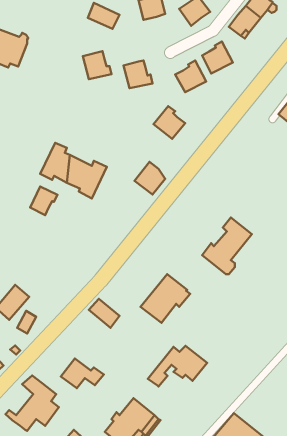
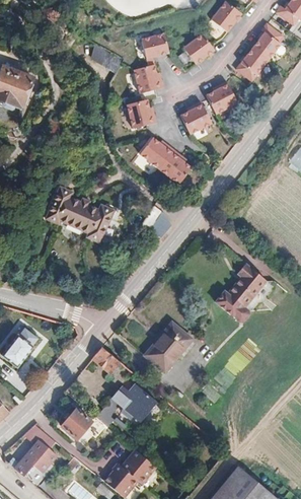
building: [83,51,112,79] -> [136,68,165,96]
building: none -> [139,136,173,167]
building: [30,187,58,215] -> none
building: [148,346,207,387] -> [97,382,158,424]

